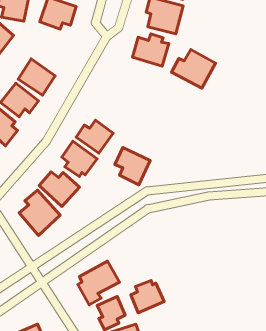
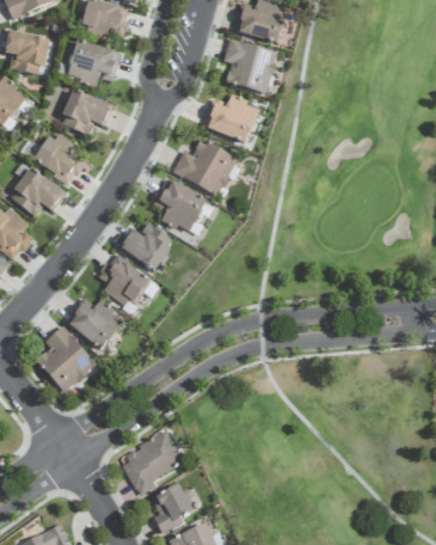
building: none -> [60,92,110,135]
building: [171,50,216,88] -> [172,139,238,196]
building: [115,148,150,185] -> [154,179,207,234]
building: [131,281,164,313] -> none

